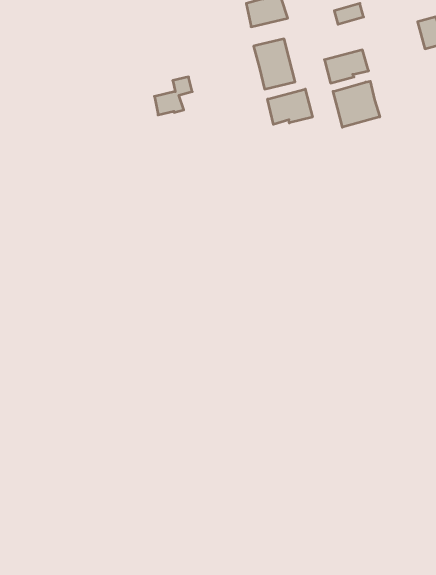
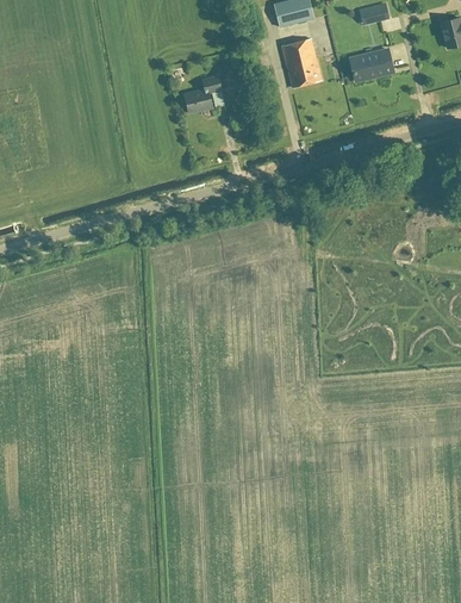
building: [333,81,380,127] -> none
building: [268,89,312,124] -> none

